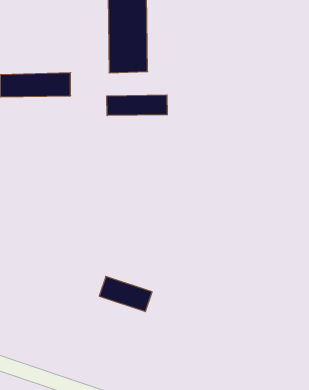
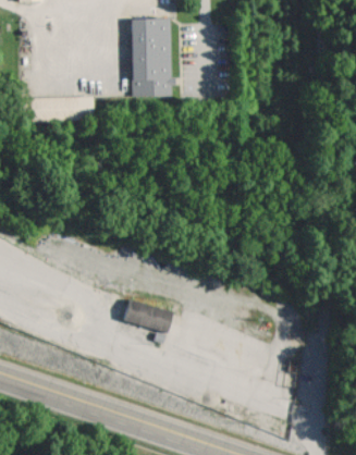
building: [107,95,167,116] -> none

